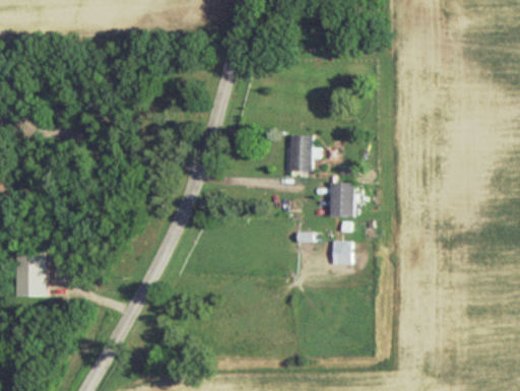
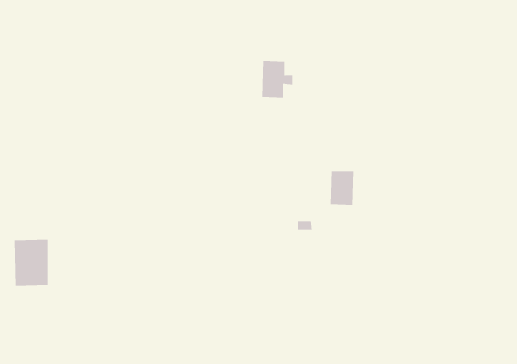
building: [289,135,321,173] -> [262,61,293,98]
building: [331,242,350,265] -> none

